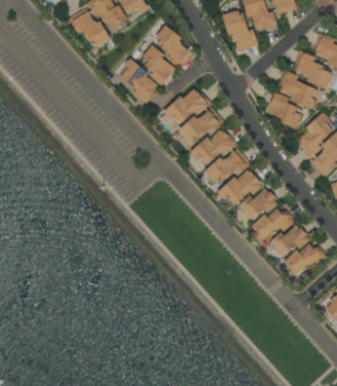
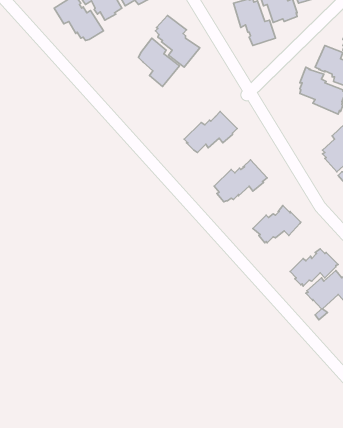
building: [119,60,157,104] -> none
building: [164,89,210,125] -> none
building: [266,92,301,129] -> none
building: [189,130,237,166] -> none
building: [216,169,263,205] -> none
building: [251,208,295,241] -> none

